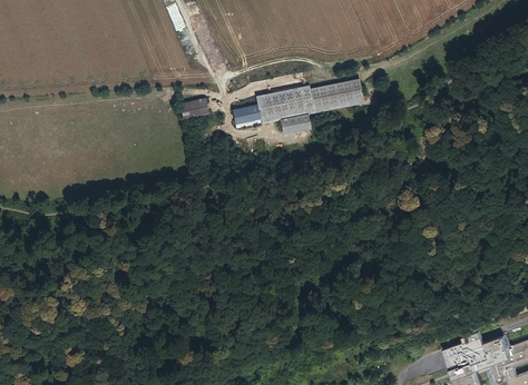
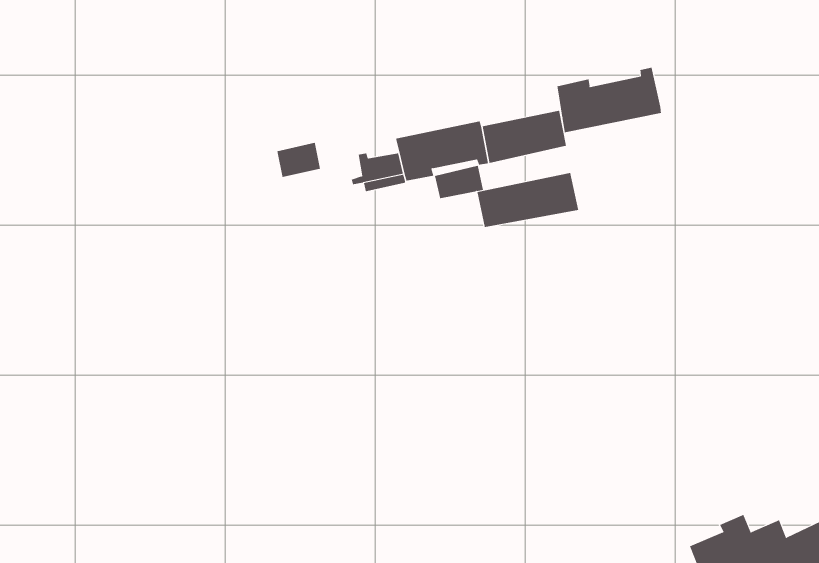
building: none -> [557,67,661,133]
building: none -> [477,172,579,228]

